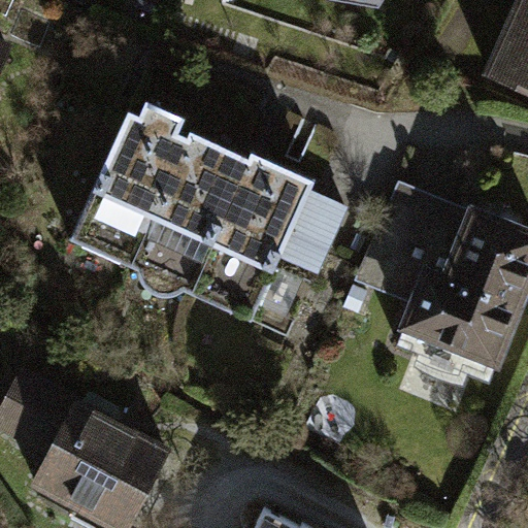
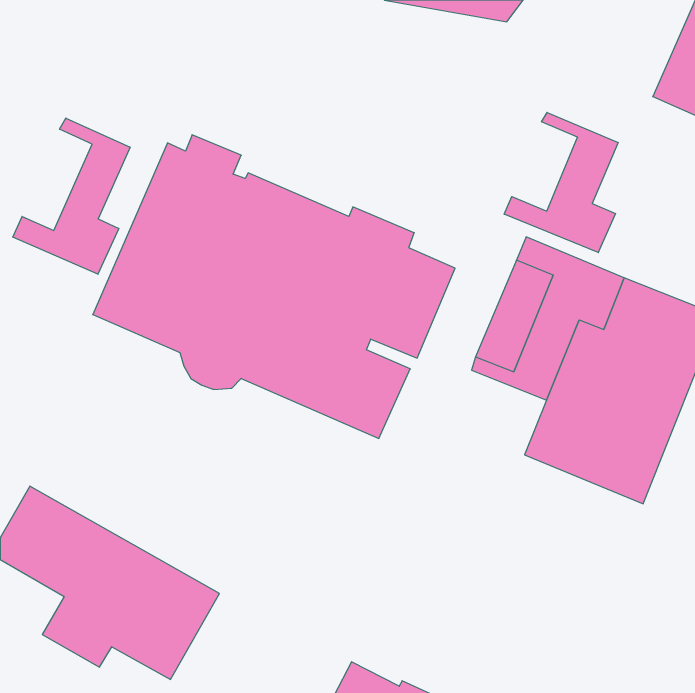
building: none -> [504,112,618,253]
building: none -> [13,118,130,274]

